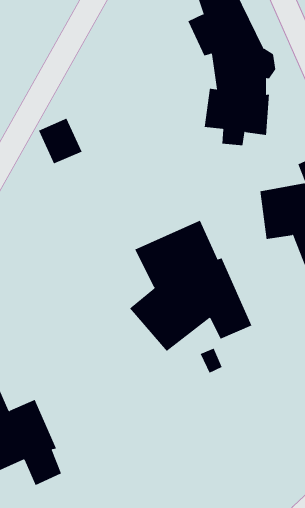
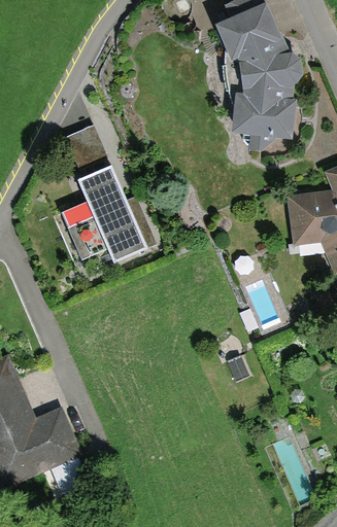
building: none -> [60,167,147,266]
building: [129,220,252,352] -> none

